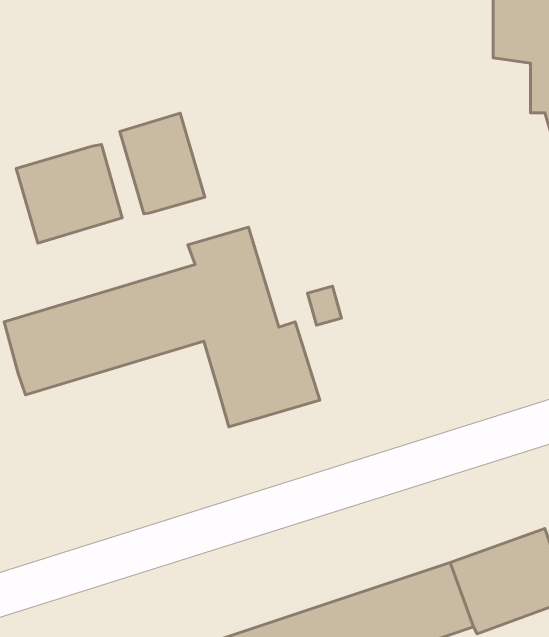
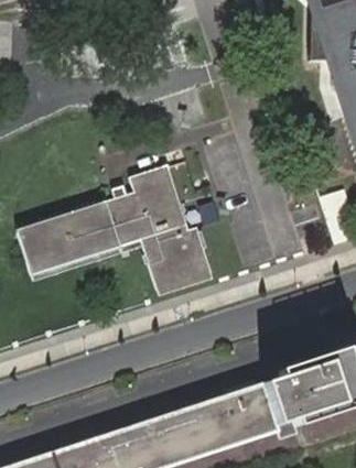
building: [120,113,205,214] -> none
building: [16,144,122,243] -> none

